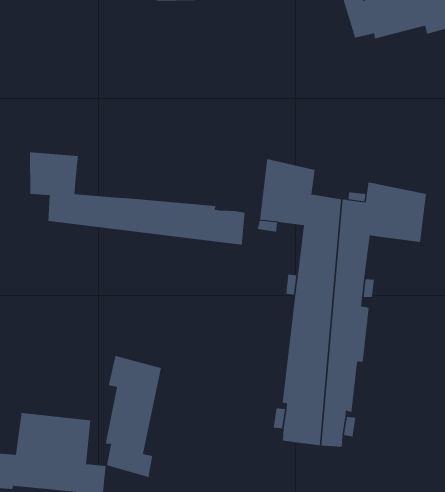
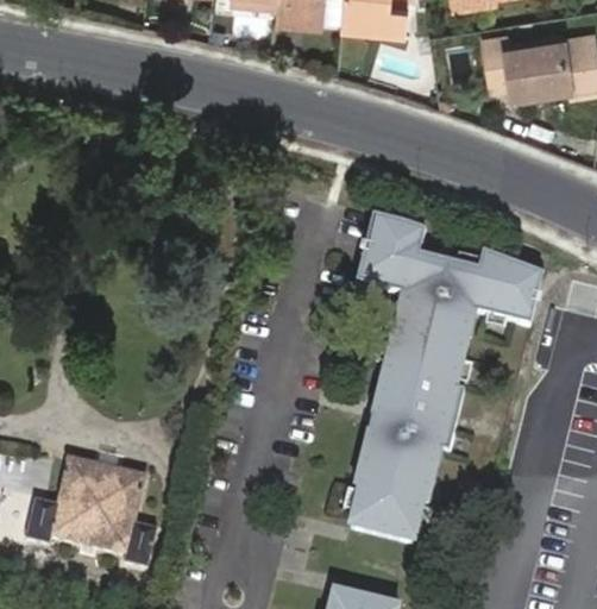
building: [29,151,245,245] -> none
building: [105,355,162,478] -> none

